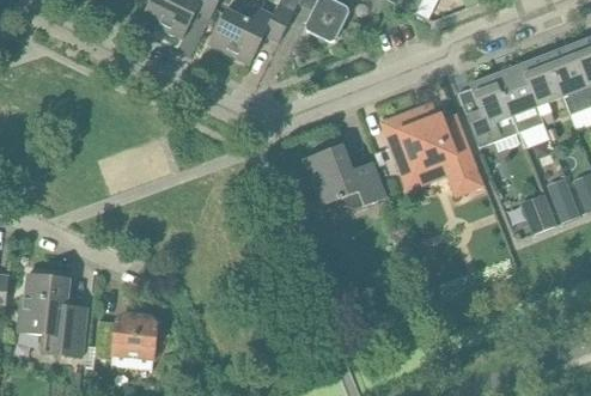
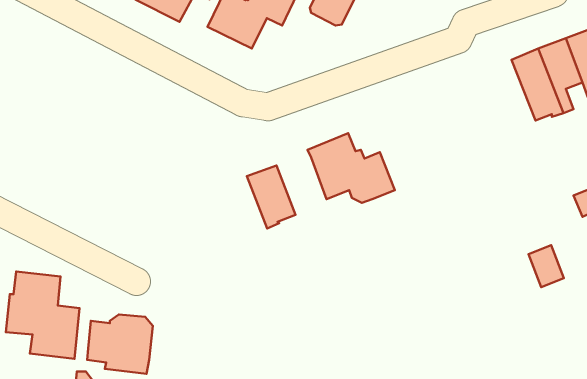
building: [467,73,518,146] -> none
building: [382,108,481,194] -> none
building: none -> [247,166,295,228]
building: [520,196,554,236] -> [529,245,564,287]

